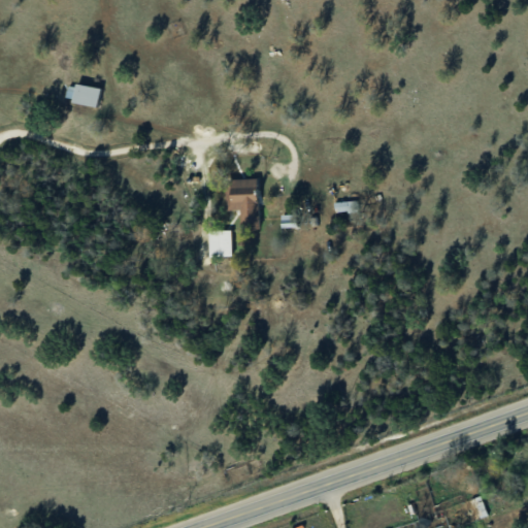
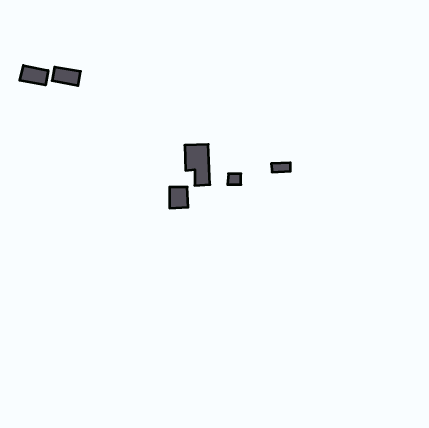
building: none -> [20,65,48,85]

